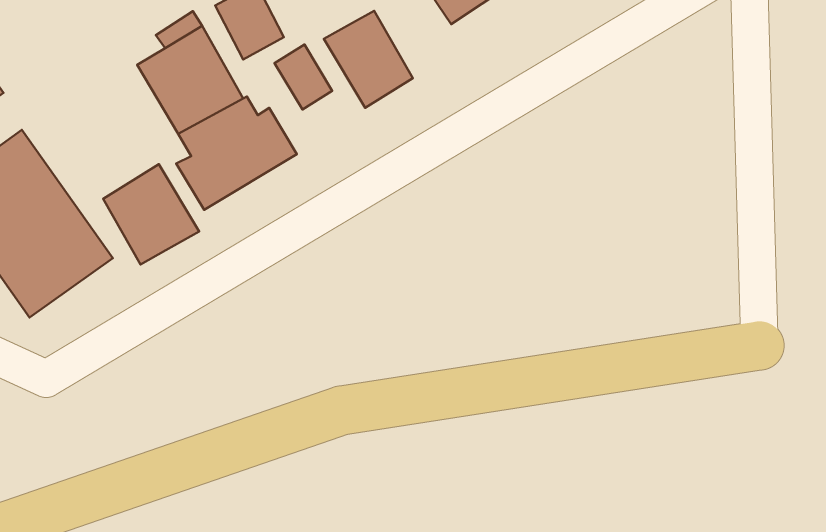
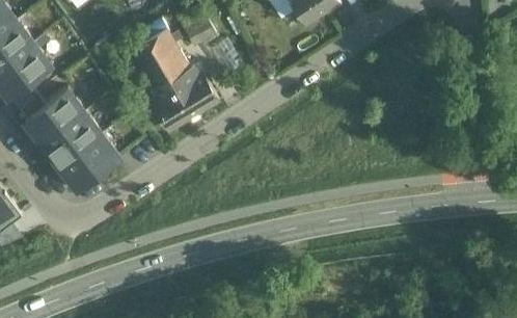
building: [324,11,413,108] -> none
building: [103,164,199,264] -> none

